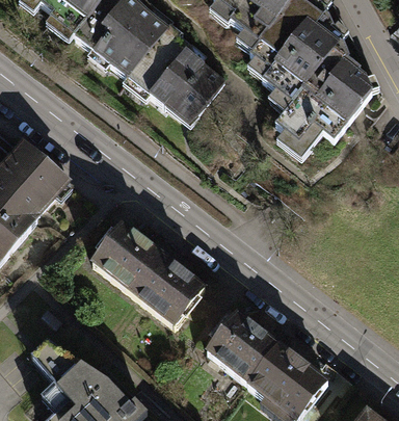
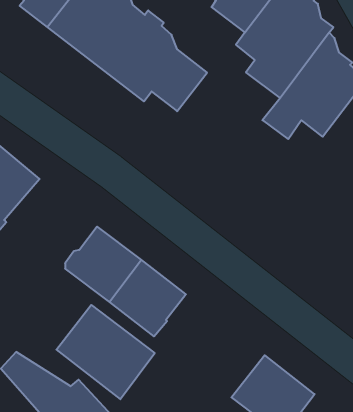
building: none -> [56,305,155,399]
building: [206,312,278,384] -> none

